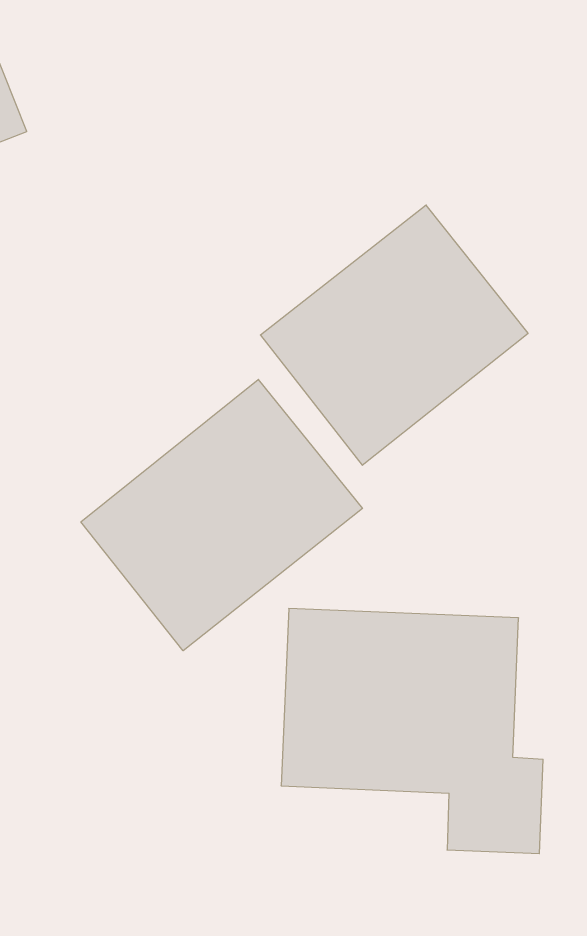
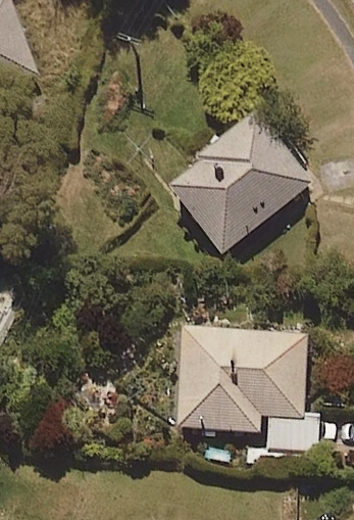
building: [81,379,362,651] -> none

